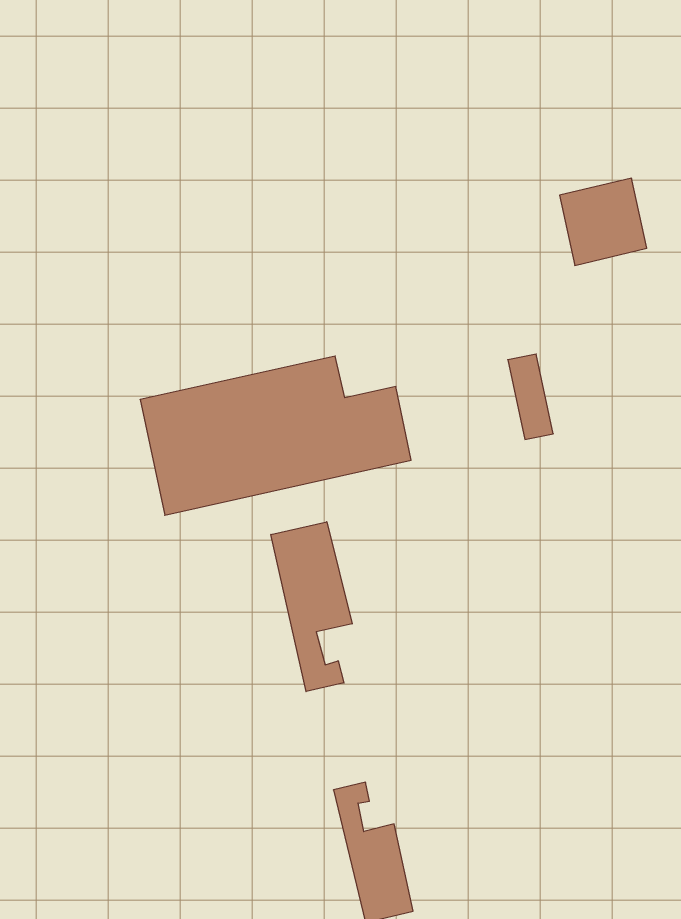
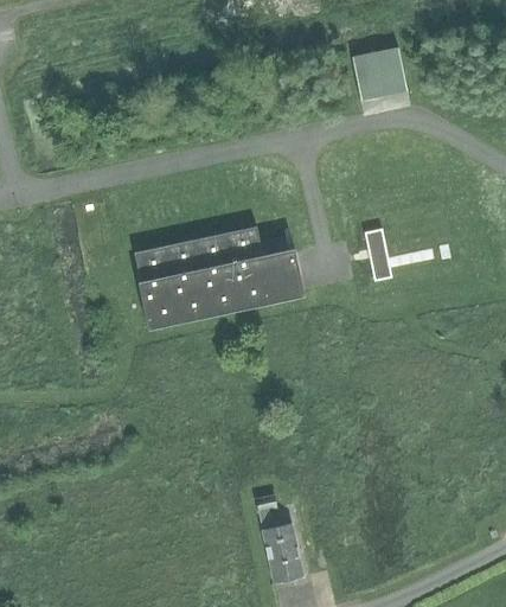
building: [560,178,647,265] -> [352,46,406,101]
building: [271,522,352,692] -> none

